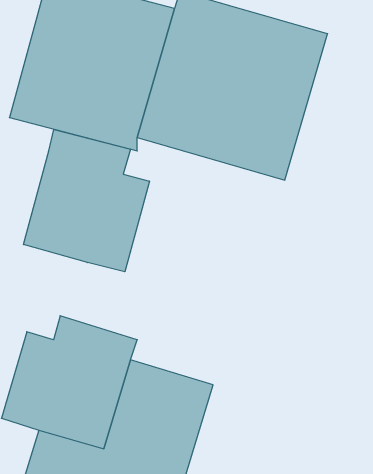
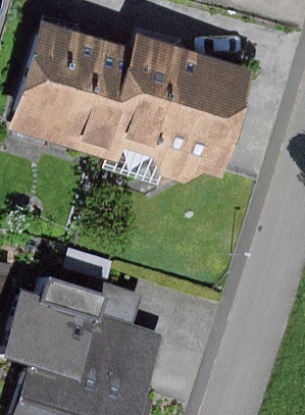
building: [24,129,149,272] -> none

